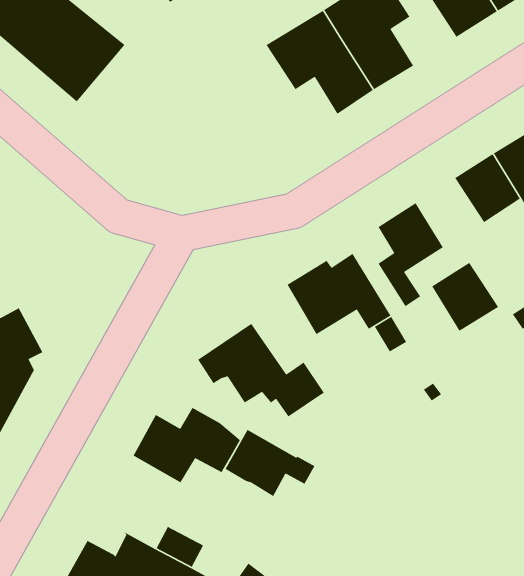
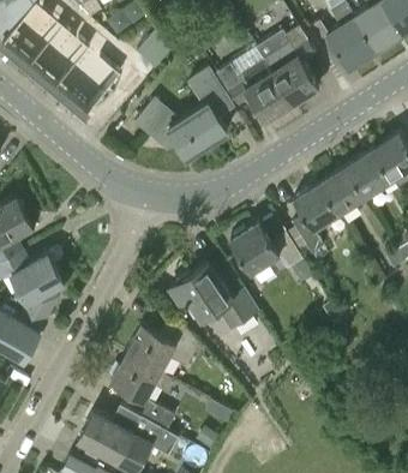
building: none -> [134,67,235,158]
building: [431,262,499,332] -> [319,164,366,212]
building: [225,429,315,497] -> [109,355,172,402]

